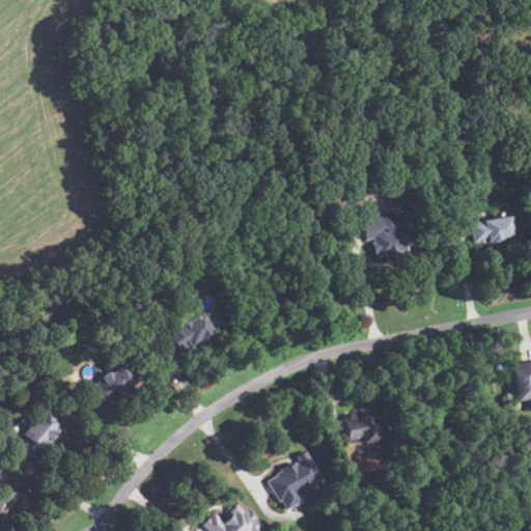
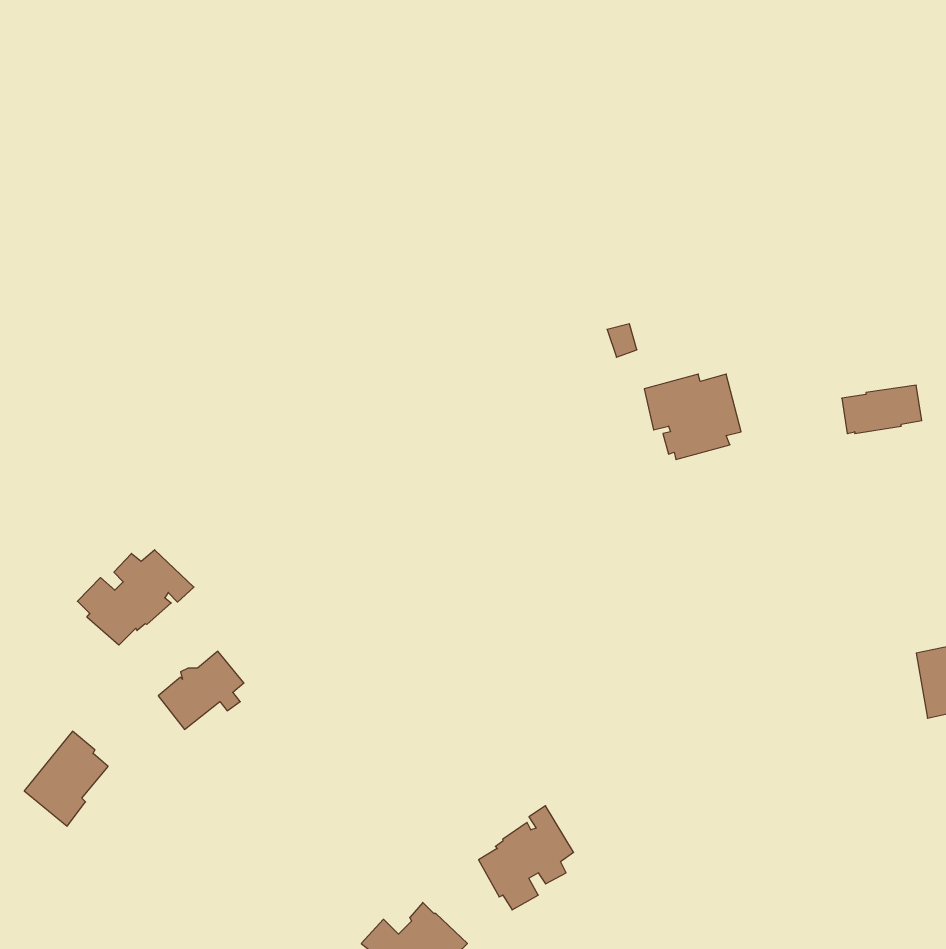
building: none -> [77,550,194,645]
building: [170,313,215,353] -> none
building: [347,413,388,441] -> none

